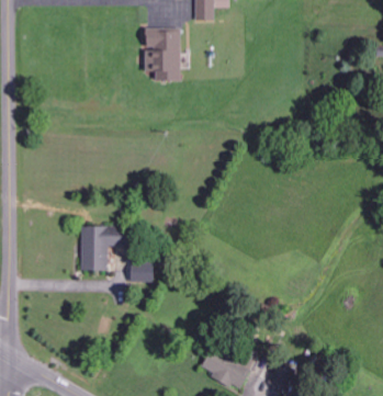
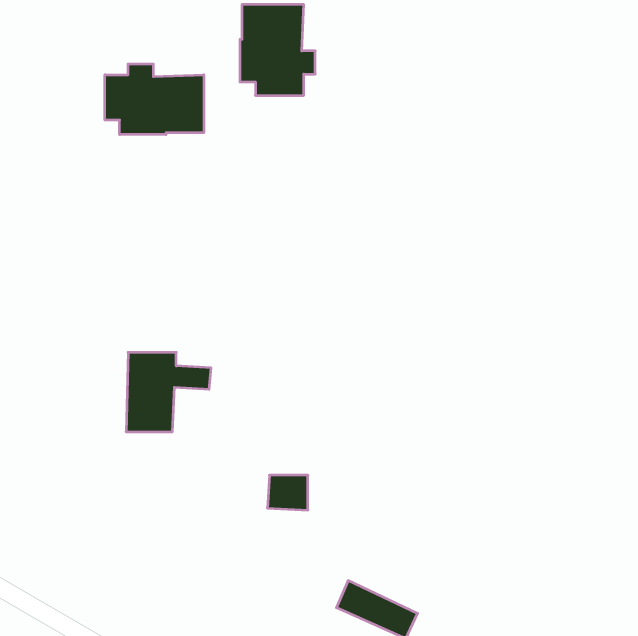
building: none -> [105,64,204,135]
building: [131,262,154,282] -> [267,475,308,510]

